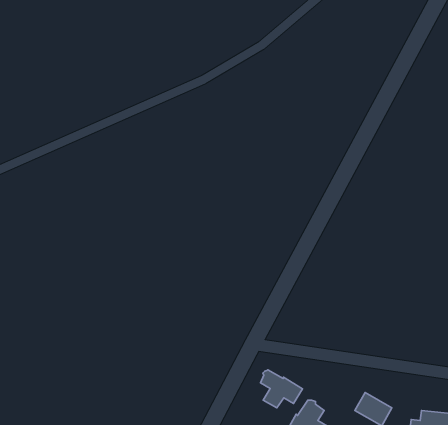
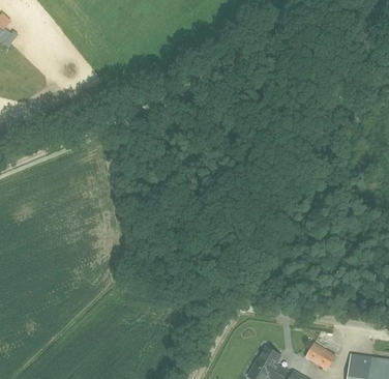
building: [260,370,302,408] -> none

